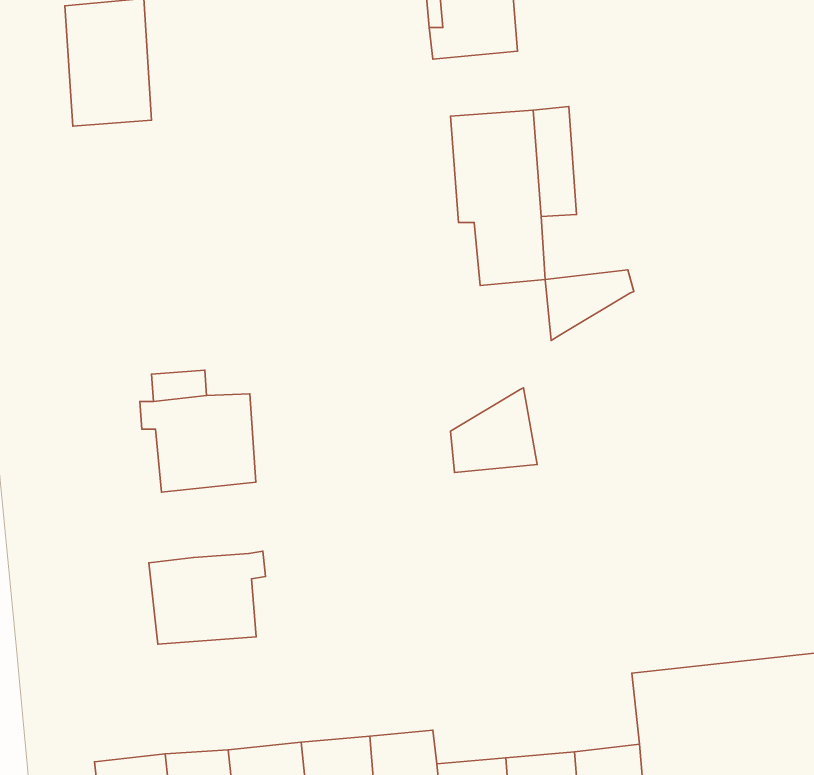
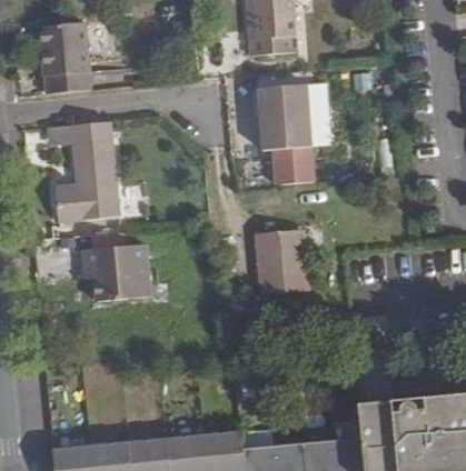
building: none -> [54,120,117,218]
building: [545,270,634,341] -> [248,228,298,268]
building: [149,551,265,644] -> none

